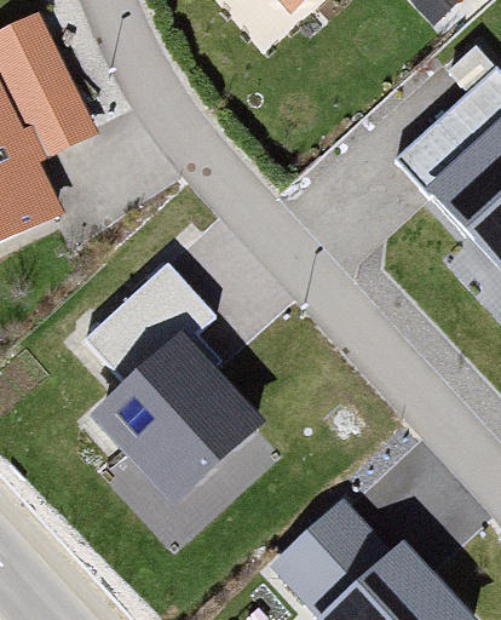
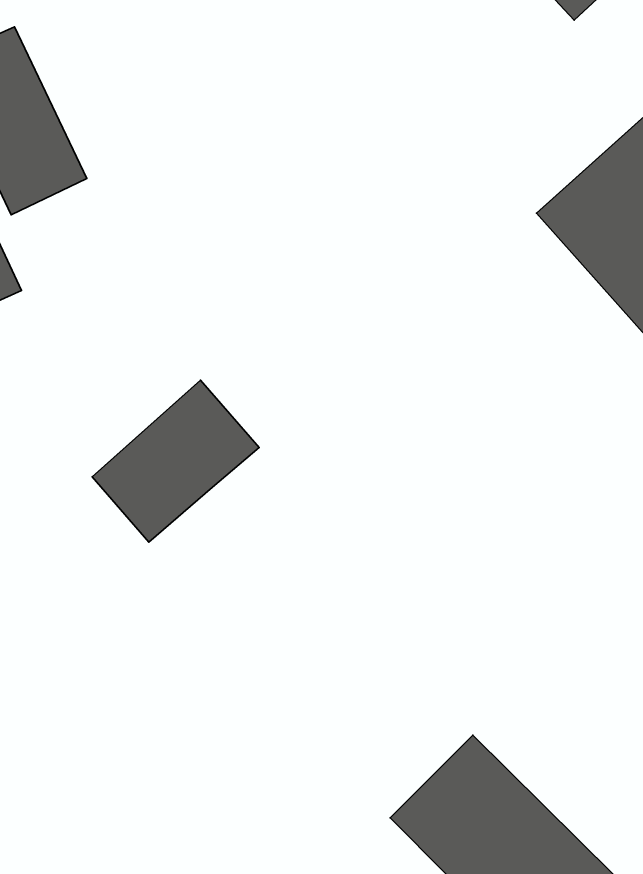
building: [105,346,271,516] -> none

